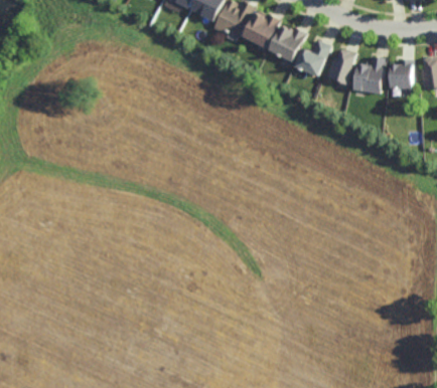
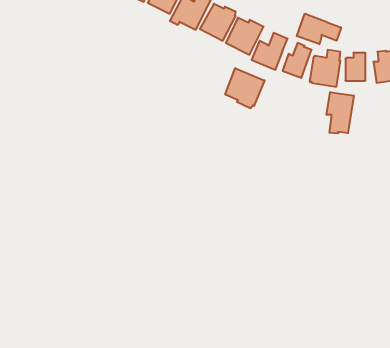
building: none -> [297,14,341,44]
building: none -> [225,68,265,108]
building: none -> [327,92,354,133]

